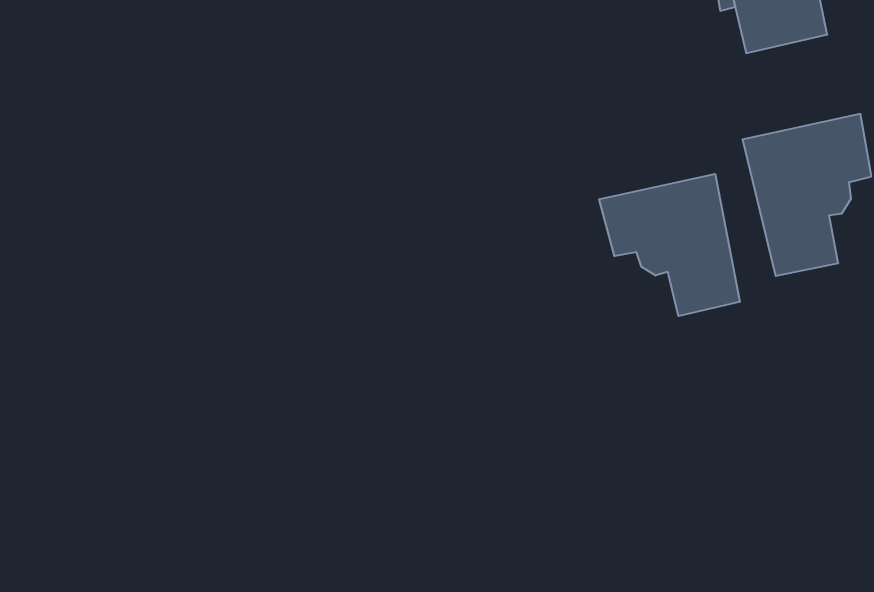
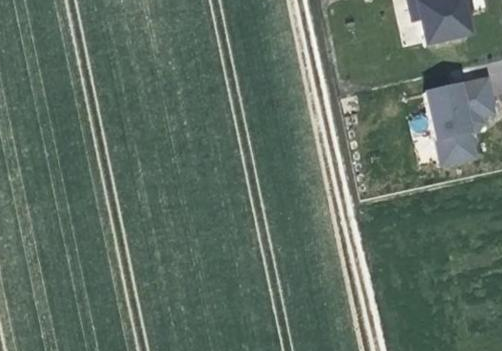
building: [599,174,740,316] -> none

